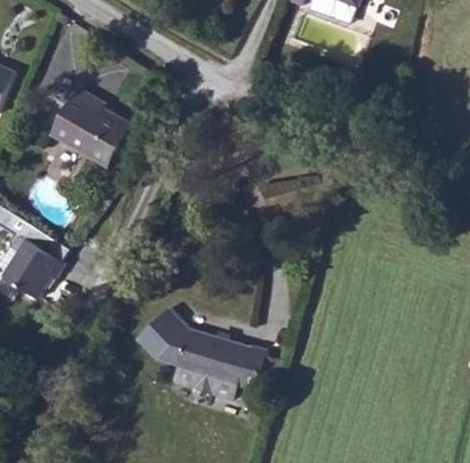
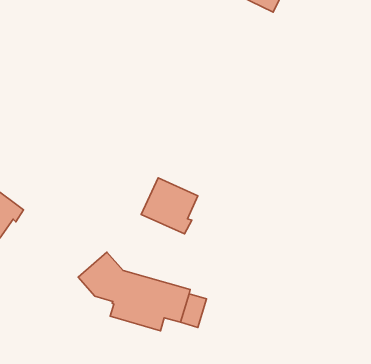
building: [47,83,130,164] -> none
building: none -> [141,178,198,234]

